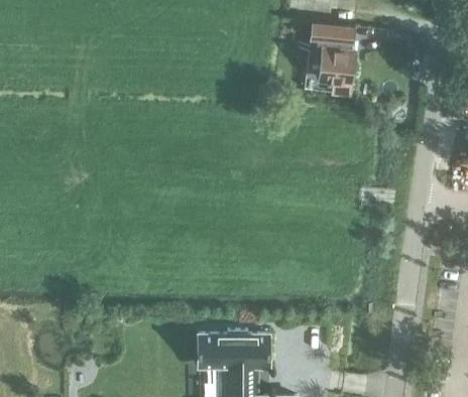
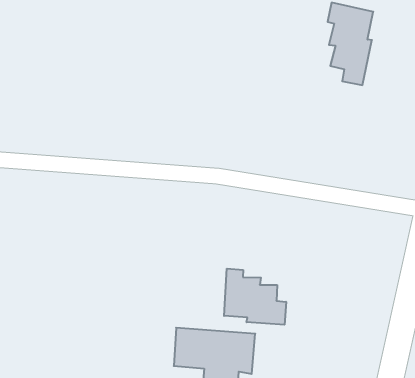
building: none -> [224,269,286,325]

